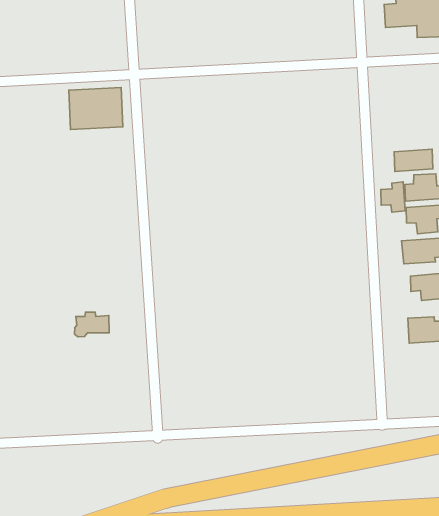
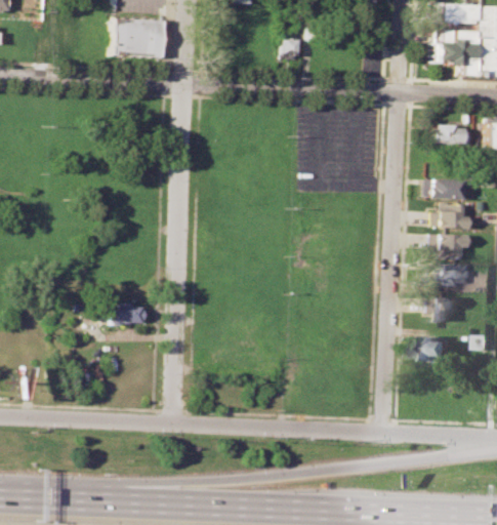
building: none -> [285,37,304,62]
building: [69,87,123,130] -> [119,18,170,57]
building: none -> [436,124,469,146]
building: [381,182,405,212] -> none

